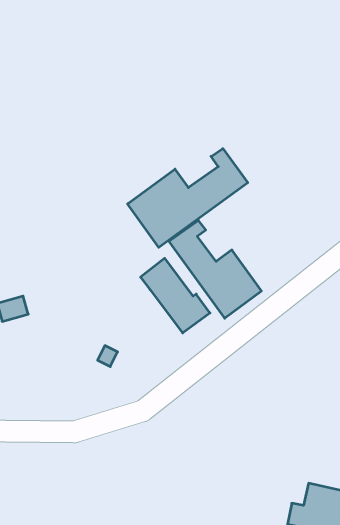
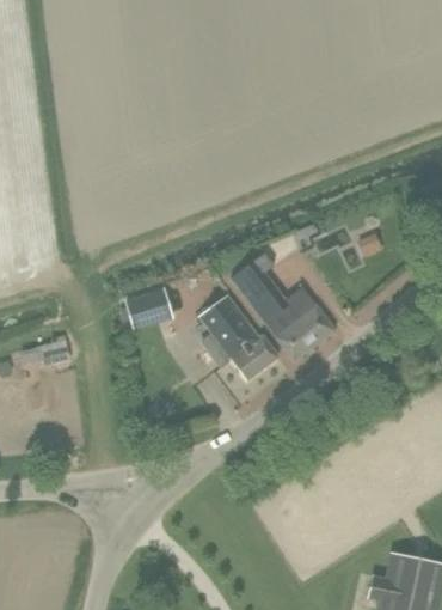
building: [128,149,248,247] -> none
building: none -> [125,286,173,329]

